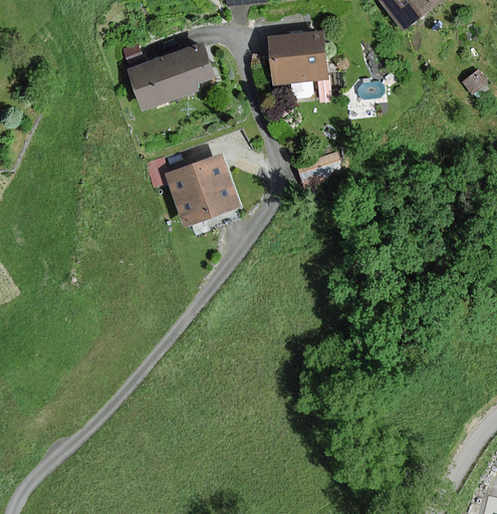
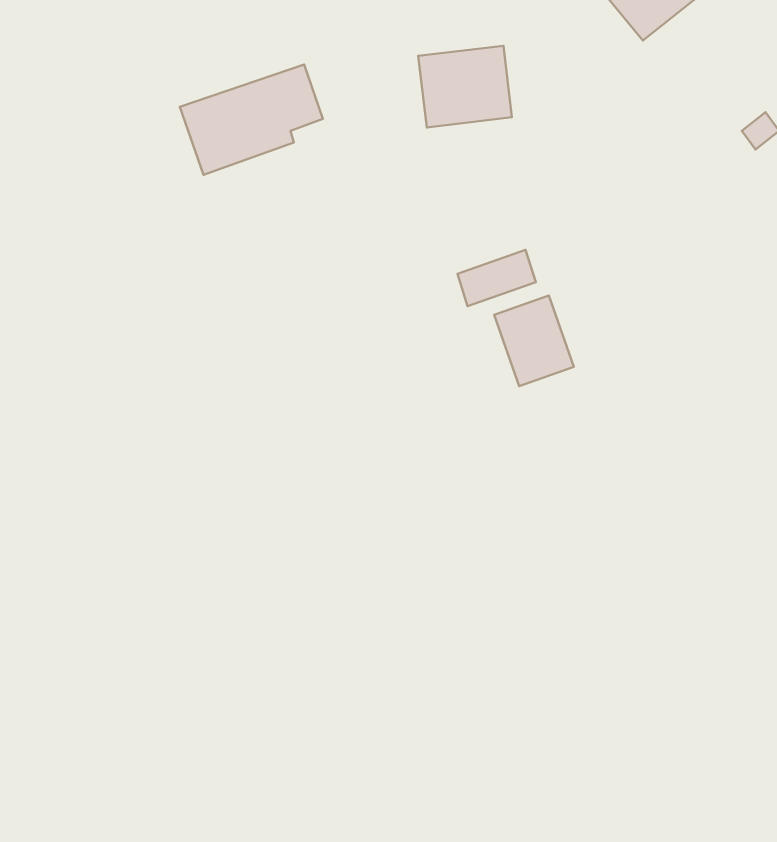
building: [167,155,237,225] -> none
building: none -> [494,295,574,386]

